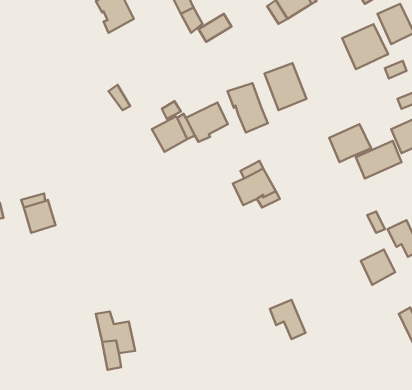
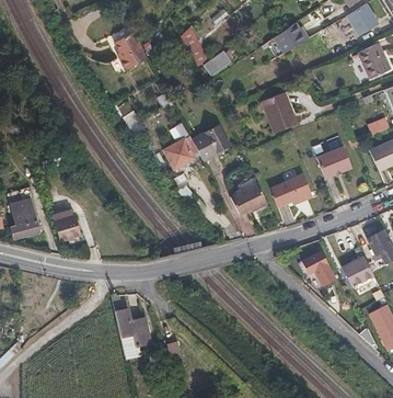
building: [342,24,388,69] -> none
building: [228,83,268,132] -> none
building: [356,141,402,179] -> [273,174,312,207]
building: [270,300,305,339] -> [304,251,335,285]

